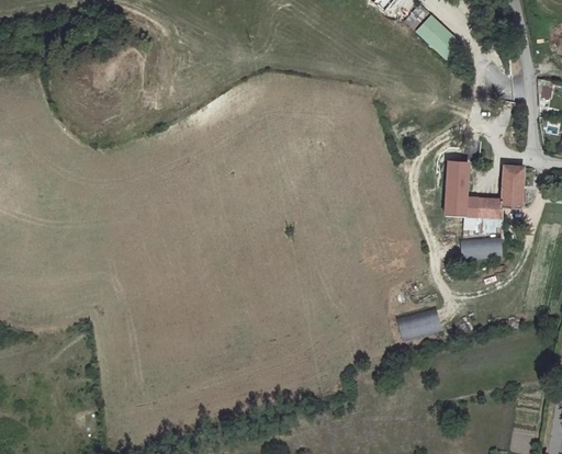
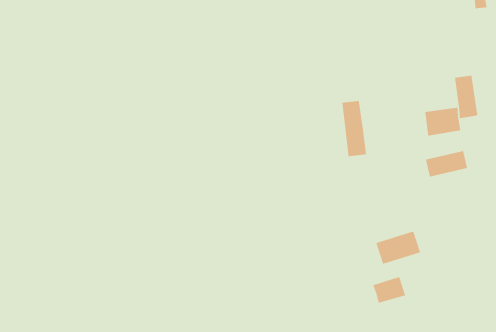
building: [447,161,469,218] -> [342,100,367,157]
building: none -> [372,276,406,303]

